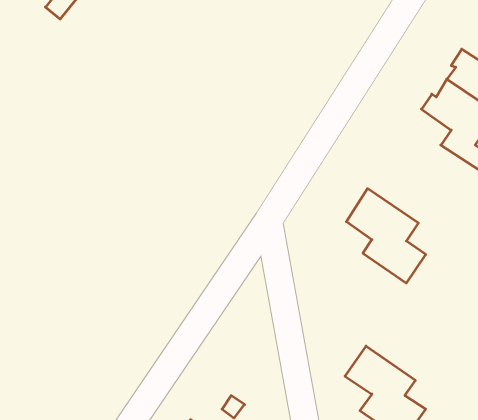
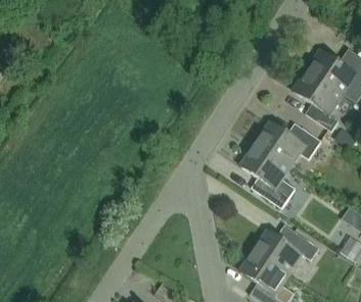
building: none -> [255,120,320,166]
building: none -> [254,230,319,273]

